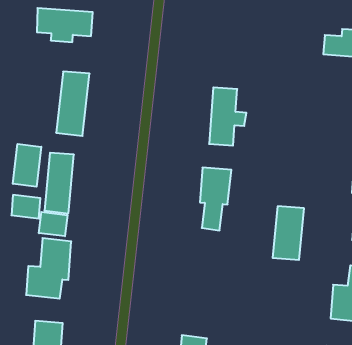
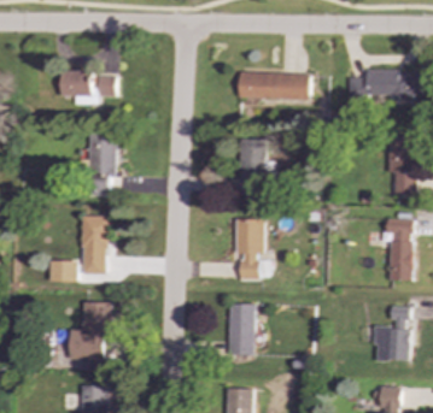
building: none -> [238,72,309,101]
building: [13,144,41,187] -> none
building: [273,206,304,260] -> [227,303,254,355]
building: [39,212,67,236] -> none

